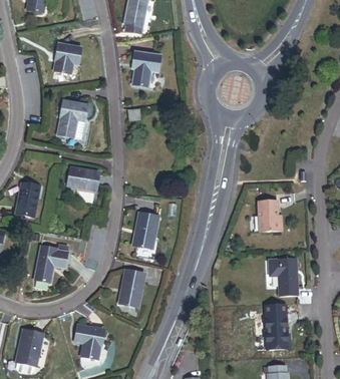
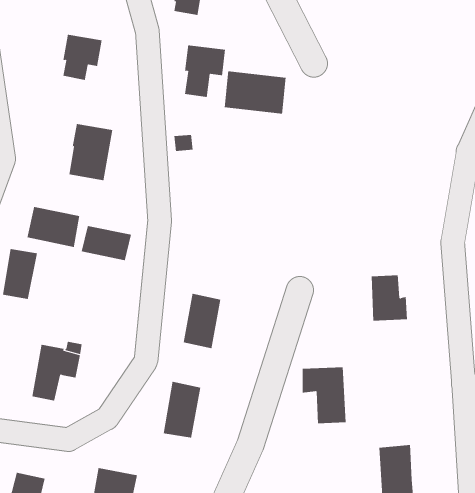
building: none -> [224,70,286,115]
building: none -> [27,206,80,248]
building: [265,259,294,296] -> [302,367,347,424]

